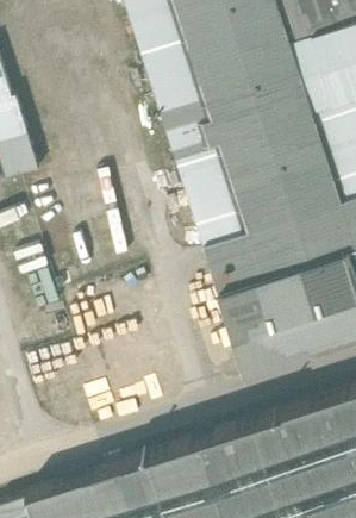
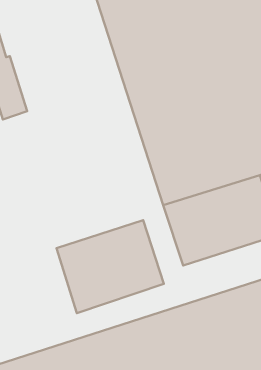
building: none -> [56,220,164,313]

